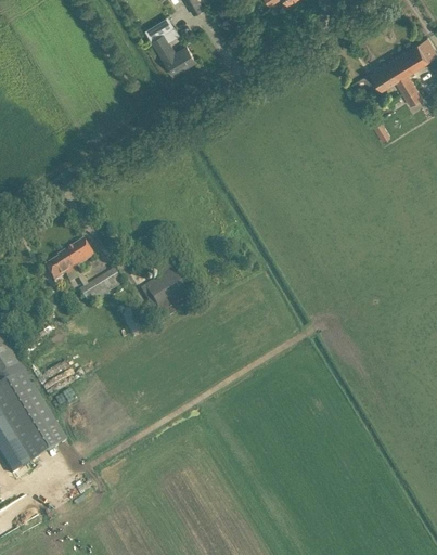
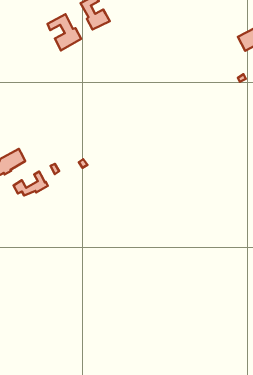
building: none -> [48,14,81,51]
building: [143,266,189,317] -> none

